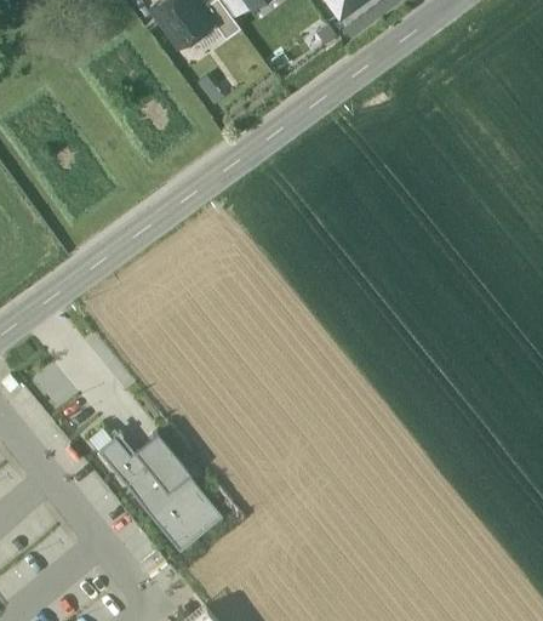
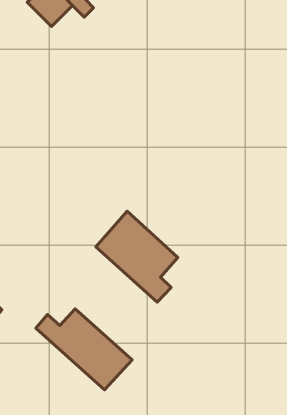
building: none -> [96,211,178,302]

